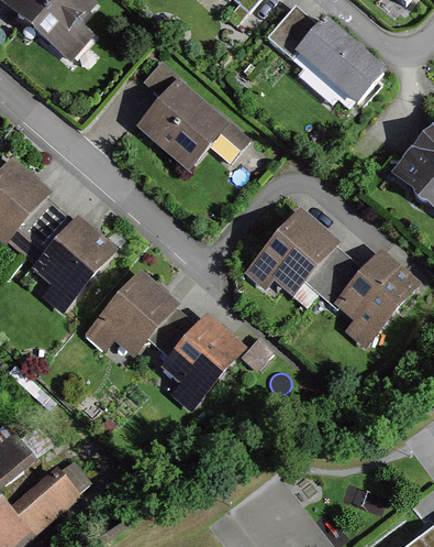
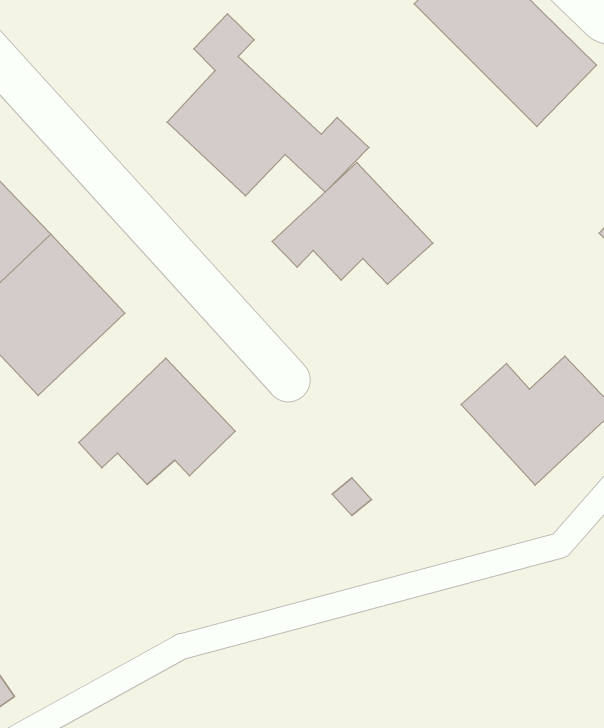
building: [253,214,350,286] -> [272,163,433,284]
building: [164,315,244,402] -> none

